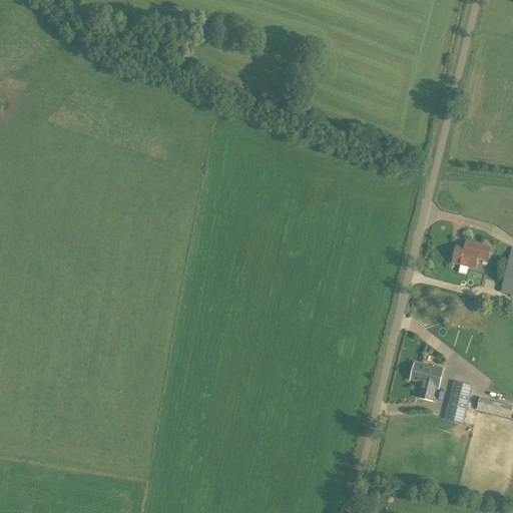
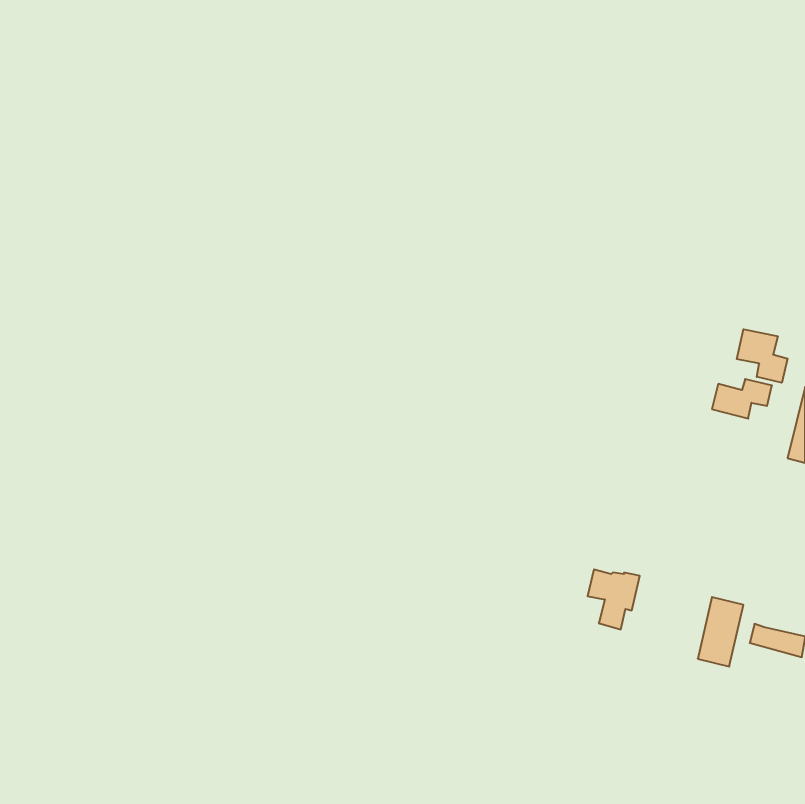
building: none -> [737,329,788,383]
building: [410,362,443,400] -> [588,569,640,629]

